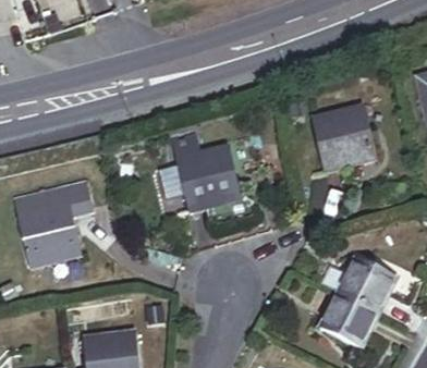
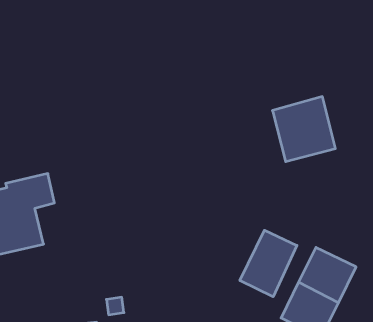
building: [171,132,247,209] -> none
building: none -> [240,230,297,297]

